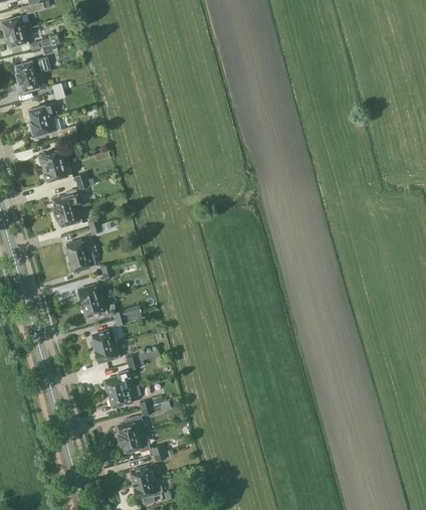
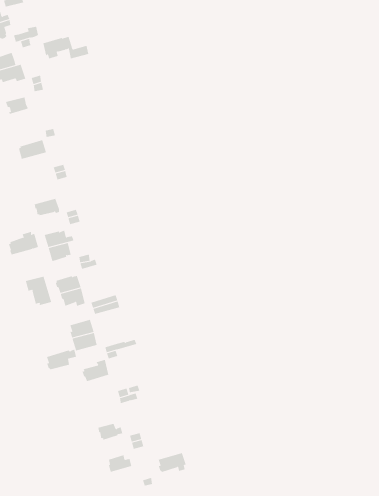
building: [29,116,76,139] -> [43,36,89,59]
building: [41,161,71,181] -> none
building: [51,189,82,213] -> [8,231,39,255]
building: none -> [25,276,52,306]
building: [108,385,139,406] -> [46,349,77,370]
building: [116,415,142,440] -> none
building: [132,478,161,498] -> [158,453,187,472]

